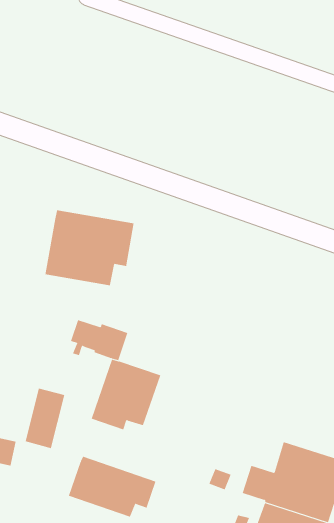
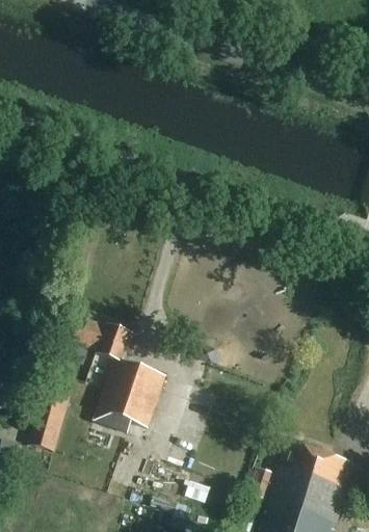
building: [45,210,134,286] -> none
building: [68,456,156,518] -> none

